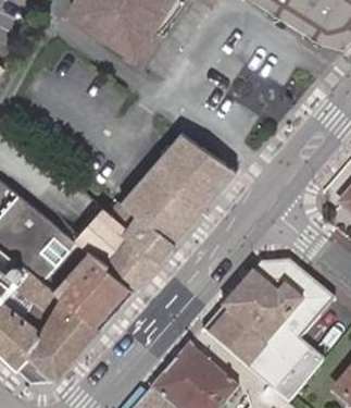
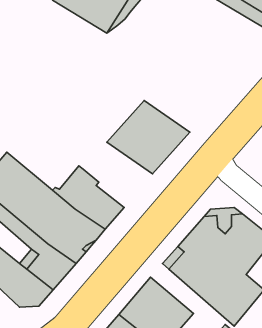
building: [109,183,191,261] -> none

